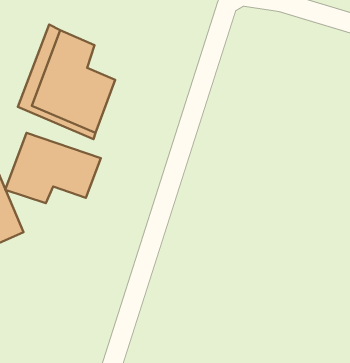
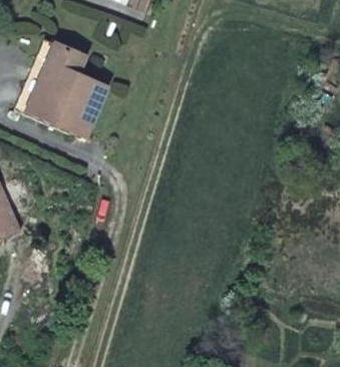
building: [5,133,101,203] -> none

